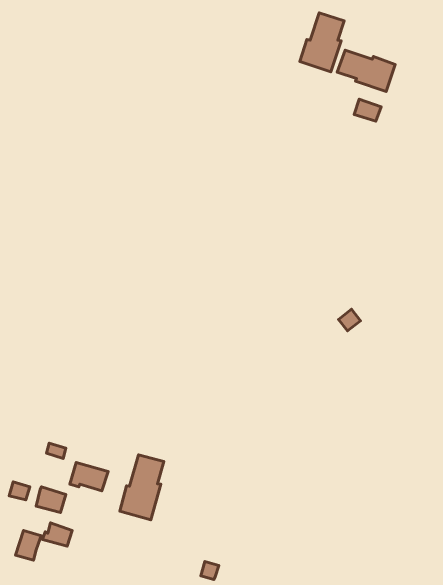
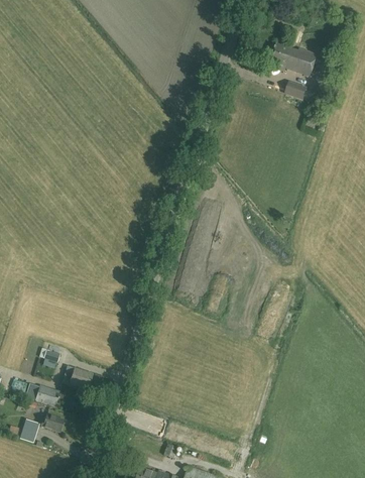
building: [300,13,344,72] -> none
building: [120,455,164,520] -> none

